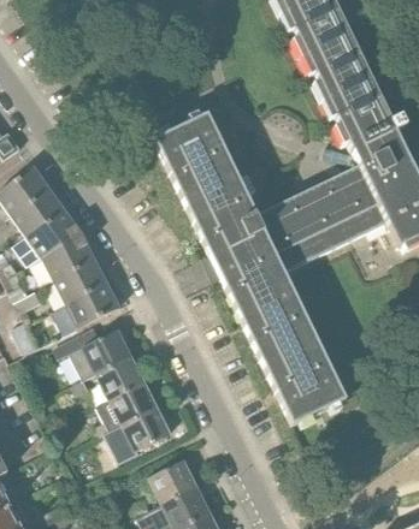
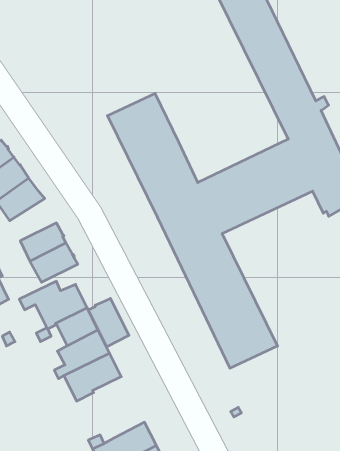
building: [43,231,96,279] -> none
building: none -> [88,298,129,347]
building: [148,459,196,503] -> none

